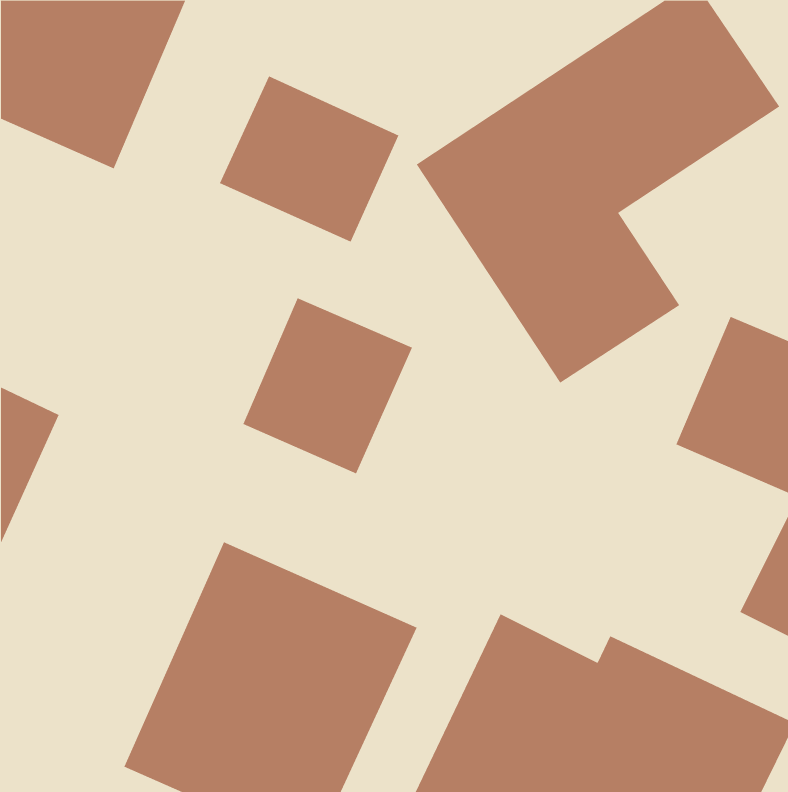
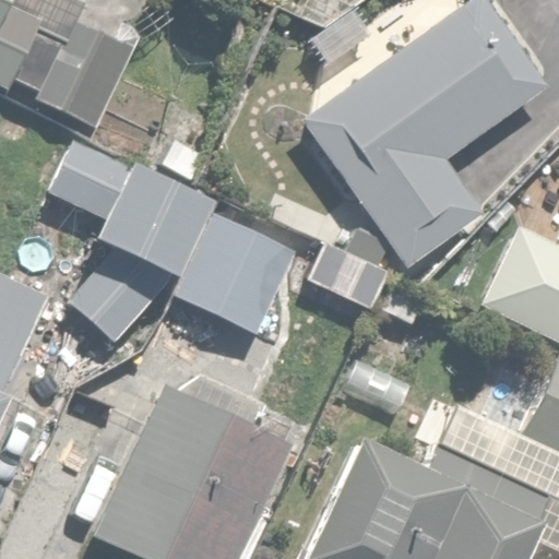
building: [219,75,399,242] -> none
building: none -> [39,130,213,344]

